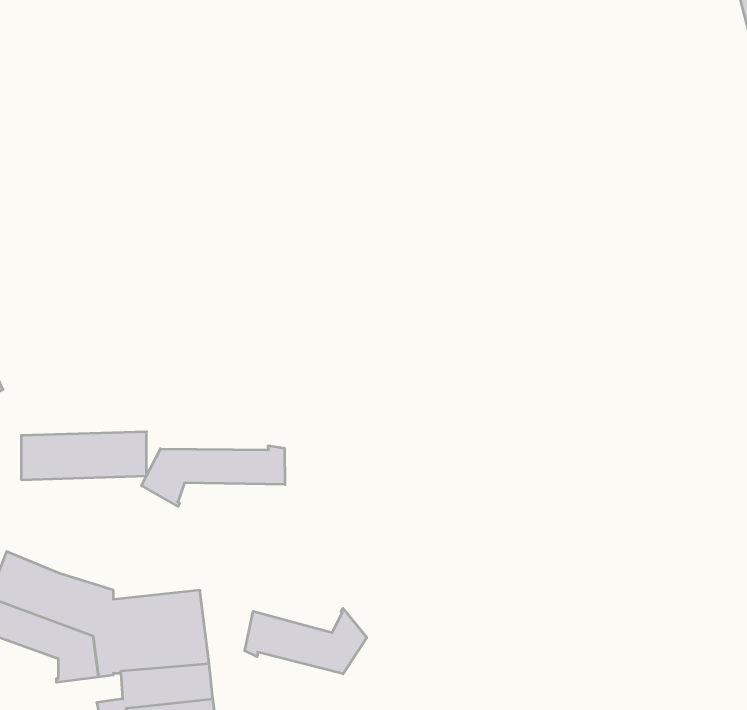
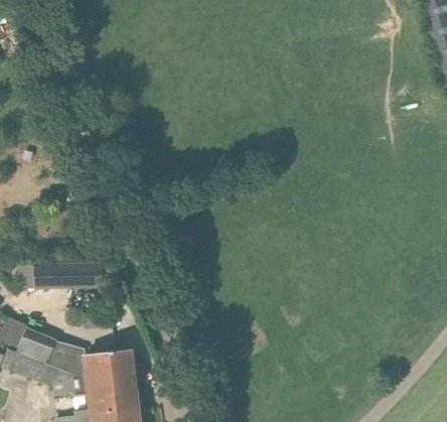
building: [142,446,285,506] -> none
building: [245,608,367,674] -> none

